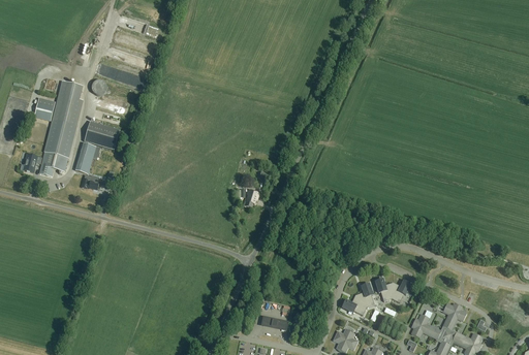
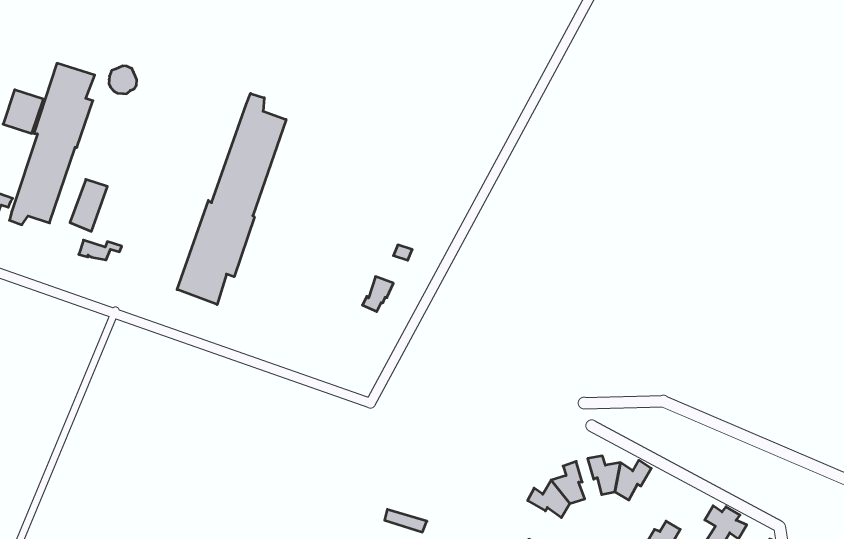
building: none -> [177,93,286,305]
building: [84,120,119,149] -> none

